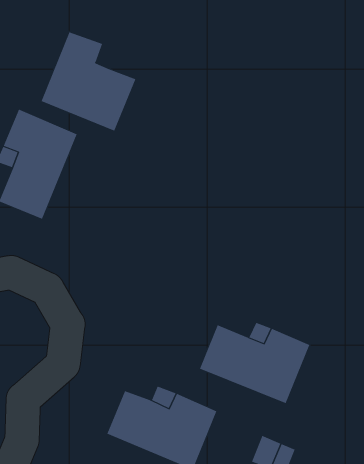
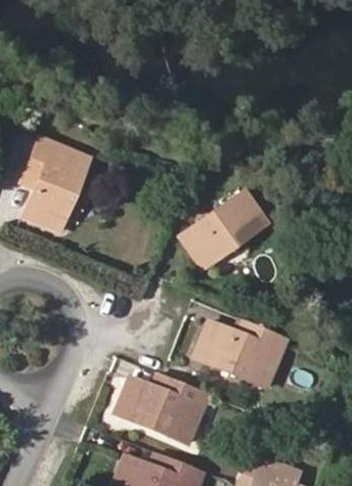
building: [41,31,136,132] -> none
building: none -> [180,191,268,270]

